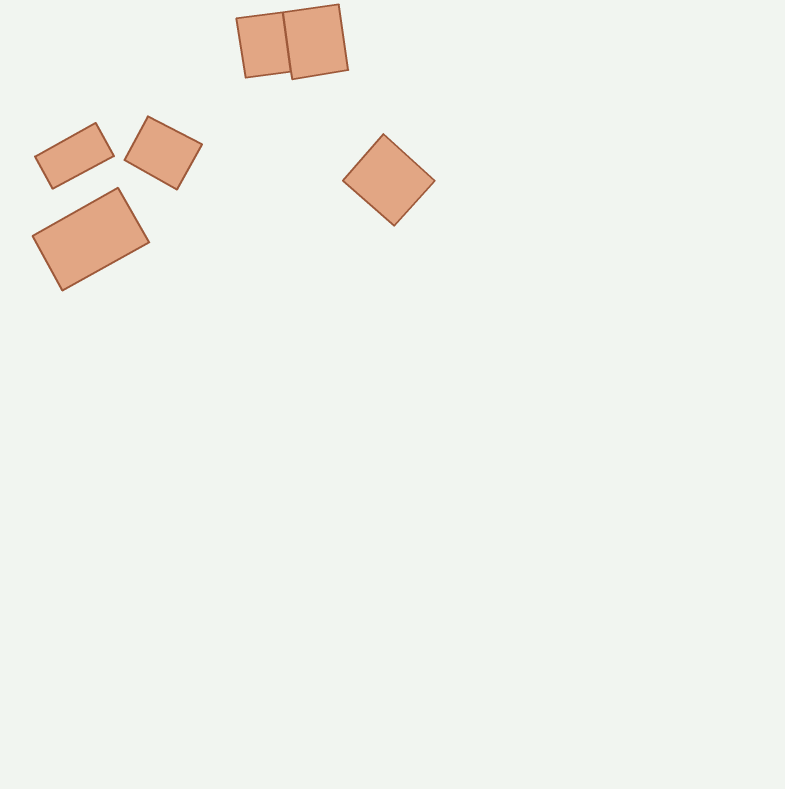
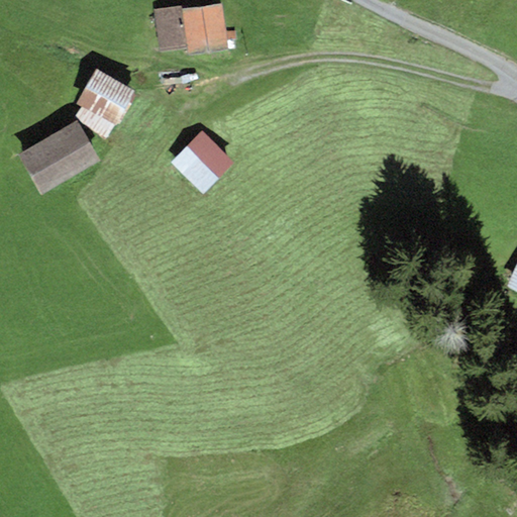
building: [35,123,114,189] -> none
building: [343,134,435,226] -> [171,131,230,191]

